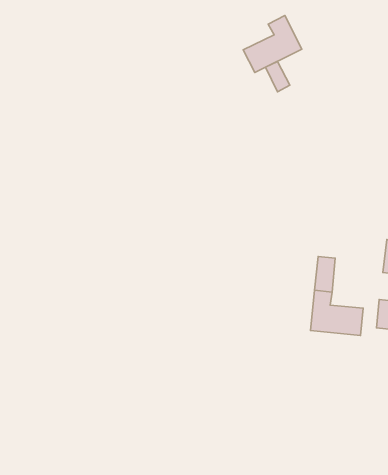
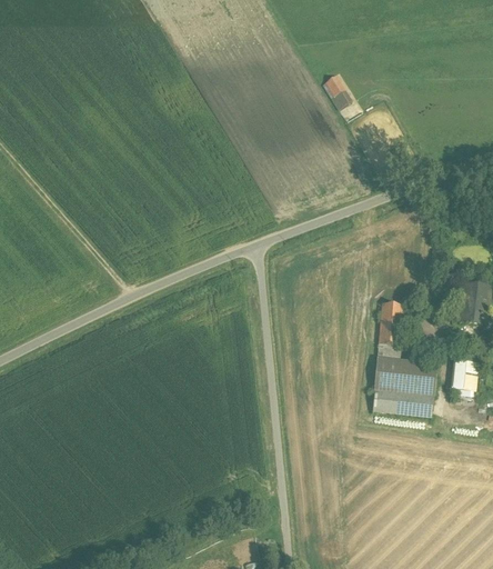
building: [243,15,302,73] -> none
building: none -> [373,391,434,416]

